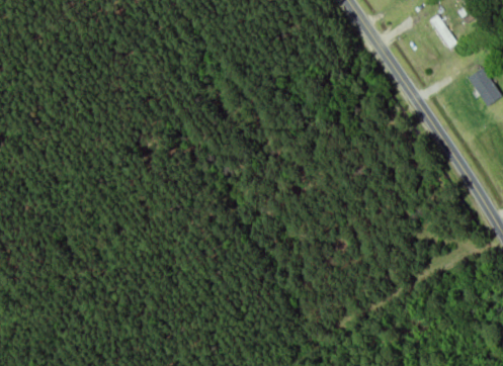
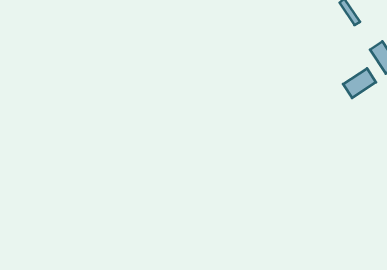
building: none -> [343,68,376,98]

